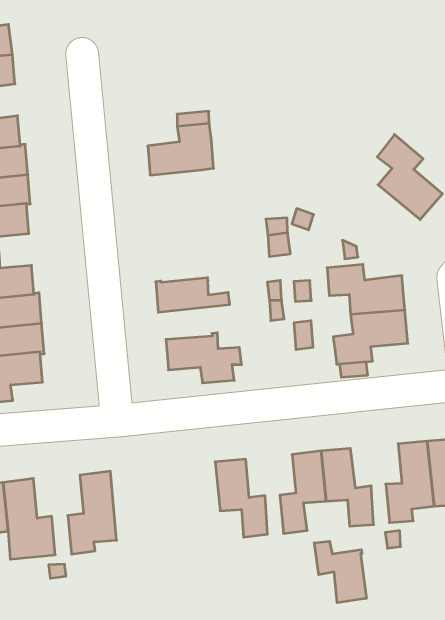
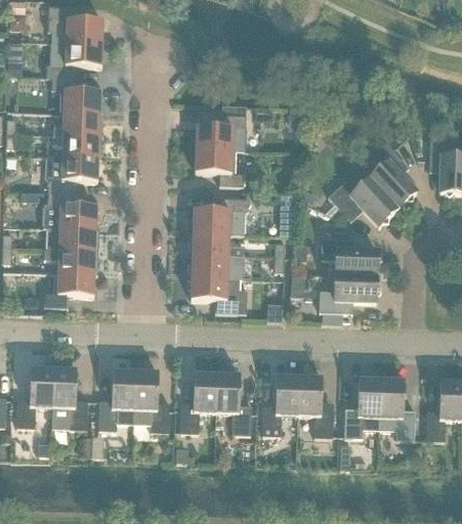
building: none -> [195,148,243,185]
building: none -> [327,178,396,226]
building: none -> [193,196,248,234]
building: none -> [187,254,243,277]
building: none -> [179,373,216,433]
building: none -> [133,370,168,432]
building: [314,541,366,603] -> none

